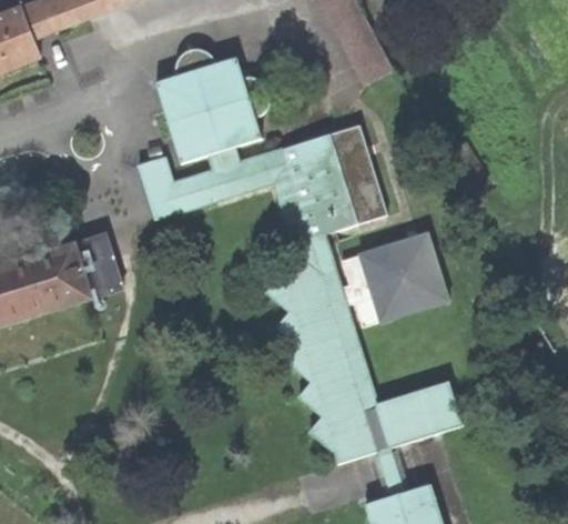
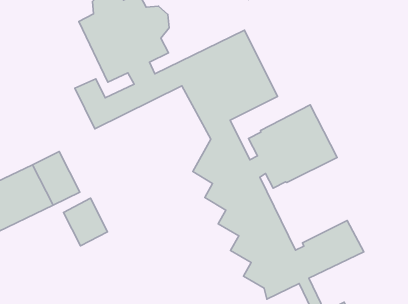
building: none -> [63,198,108,246]

